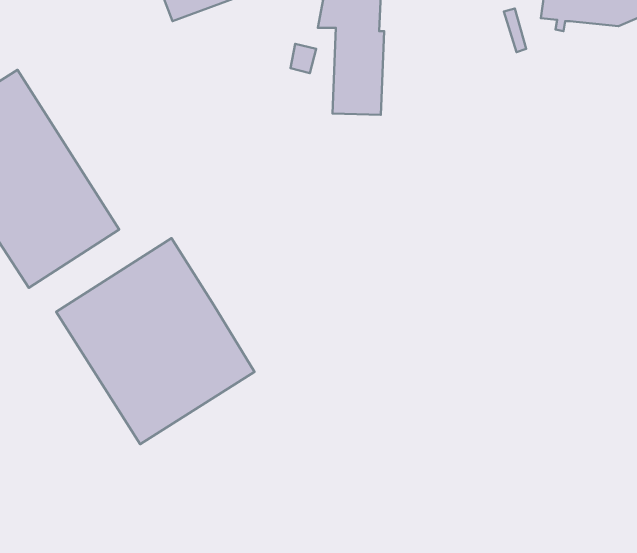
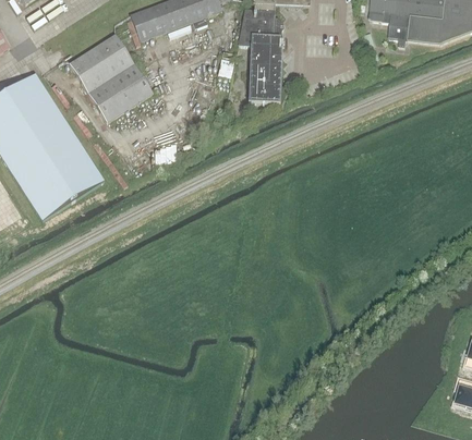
building: none -> [69,34,153,122]
building: [56,238,255,444] -> none

